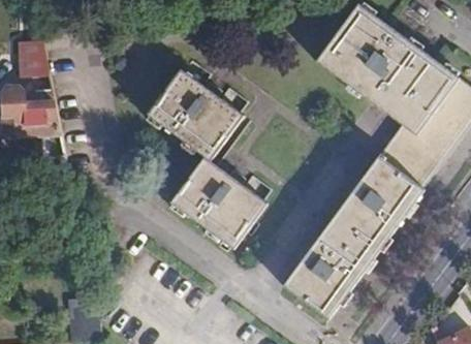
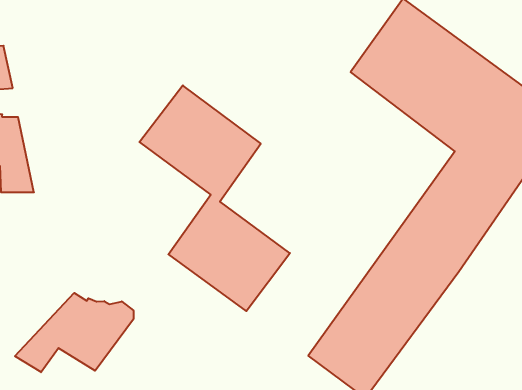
building: none -> [15,293,133,372]

